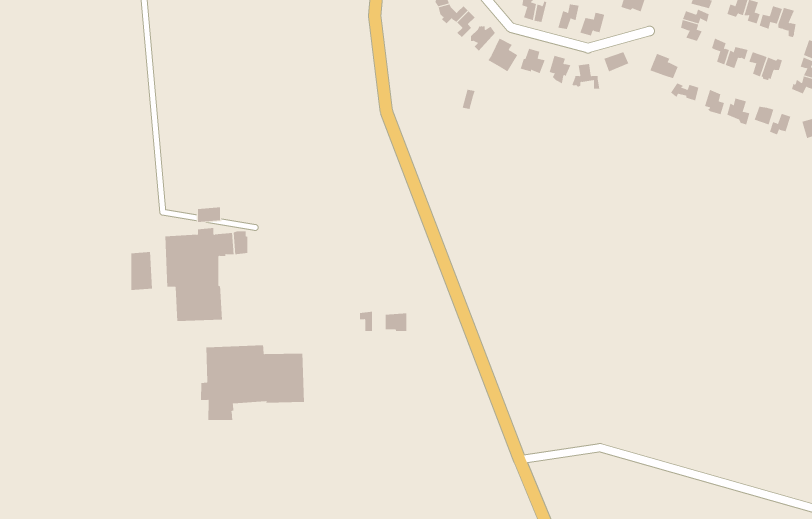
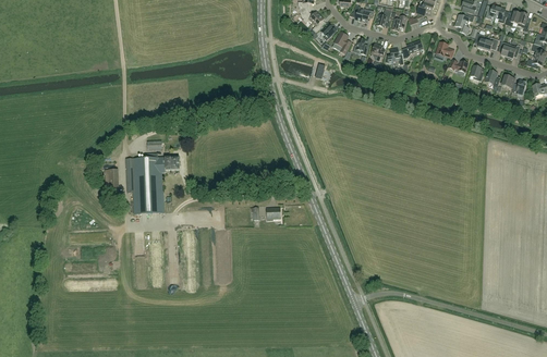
building: [200,344,305,421] -> none

